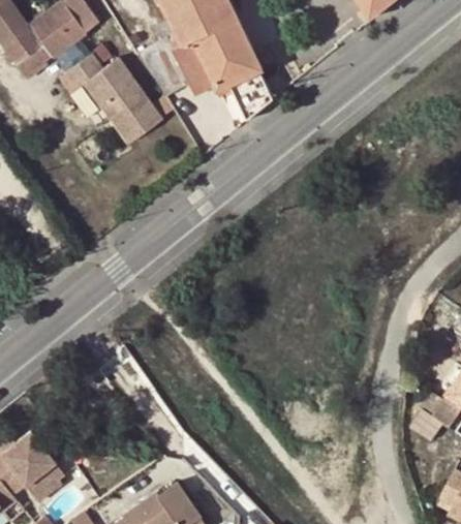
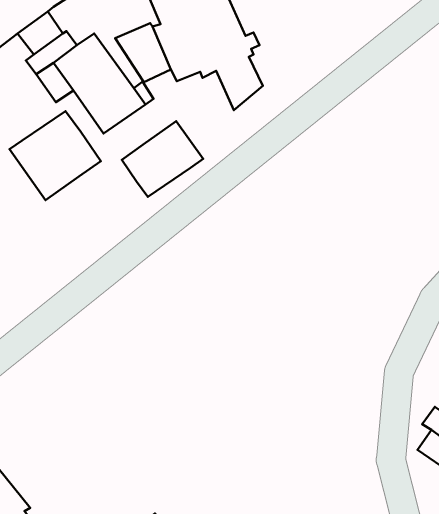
building: none -> [9,111,101,200]
building: none -> [122,121,203,197]

